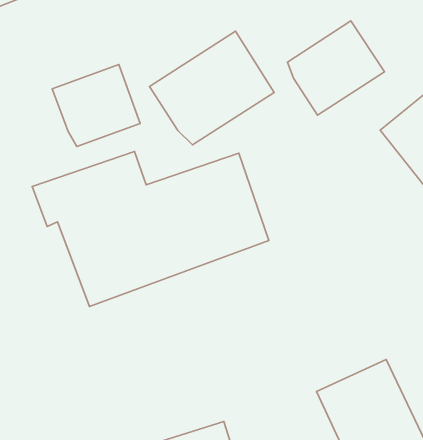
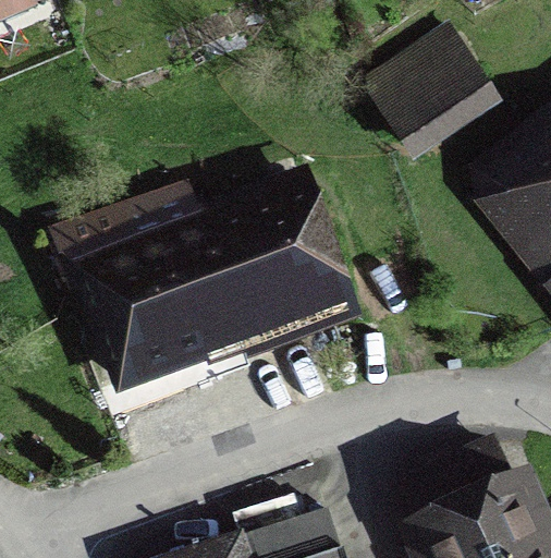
building: [150,31,274,145] -> none
building: [52,64,140,147] -> none

